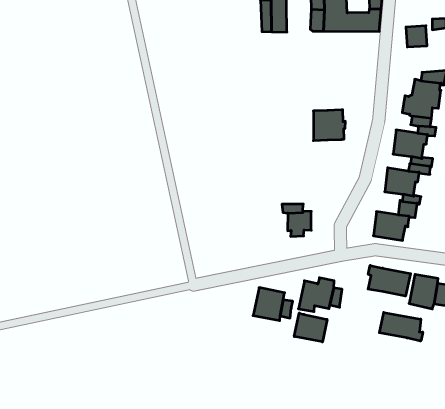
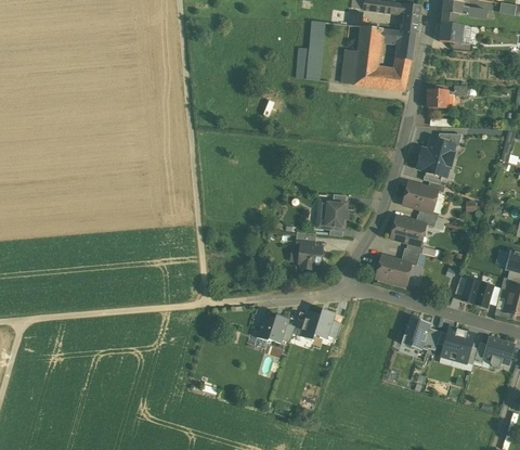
building: [313,110,345,141] -> [316,200,348,229]
building: [368,265,411,296] -> none
building: [379,312,423,341] -> none
building: [294,313,327,342] -> none

